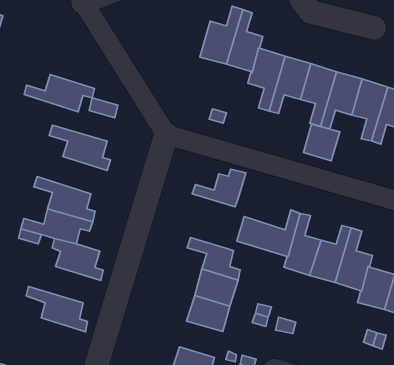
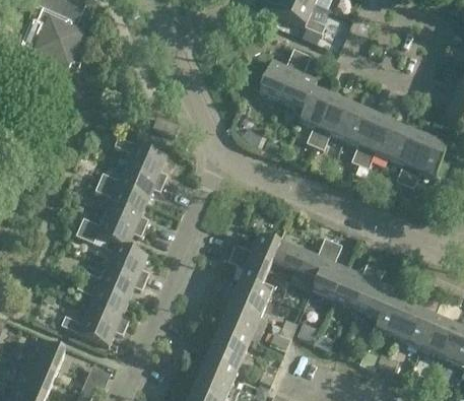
building: [24,75,94,112] -> [100,165,163,202]
building: [304,124,340,161] -> none
building: [192,169,246,207] -> [231,233,282,268]
building: none -> [80,264,146,299]
building: none -> [61,309,127,345]
building: none -> [210,327,251,362]

